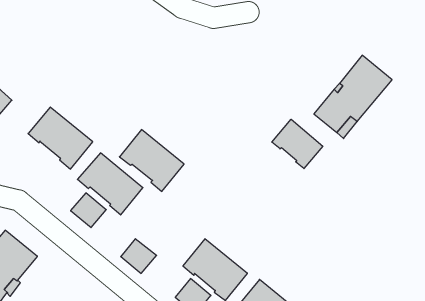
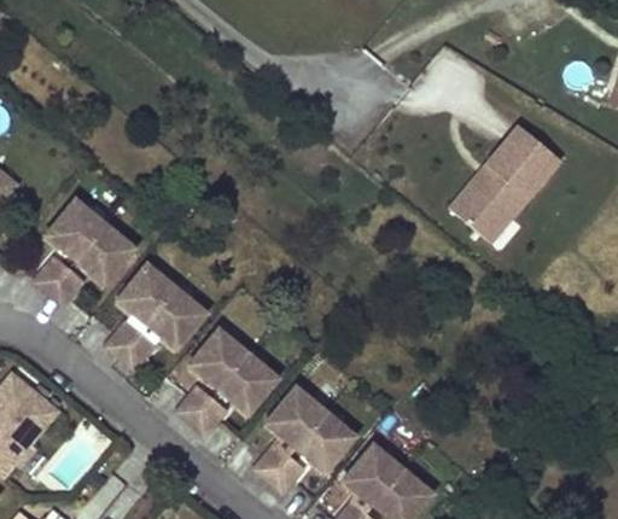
building: [272,119,323,169] -> none
building: [119,130,184,191] -> [186,328,278,416]
building: none -> [34,255,84,304]

